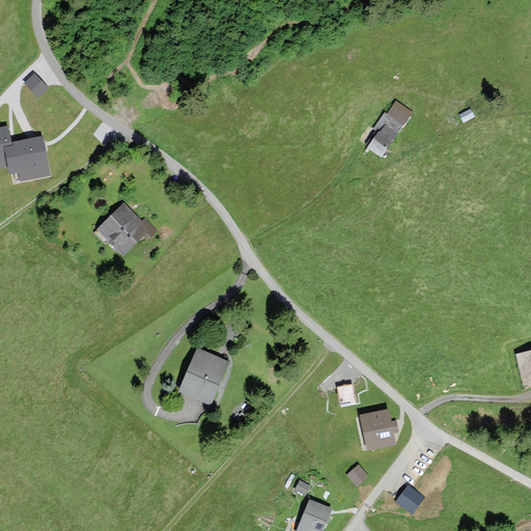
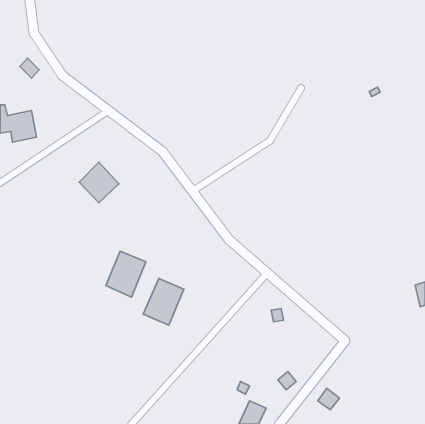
building: [368,102,412,156] -> none
building: none -> [106,251,146,297]
building: [362,411,395,448] -> none

